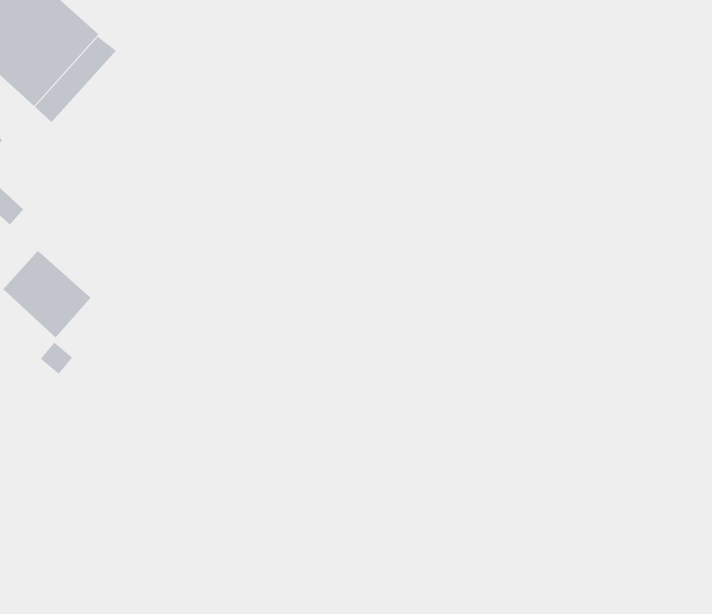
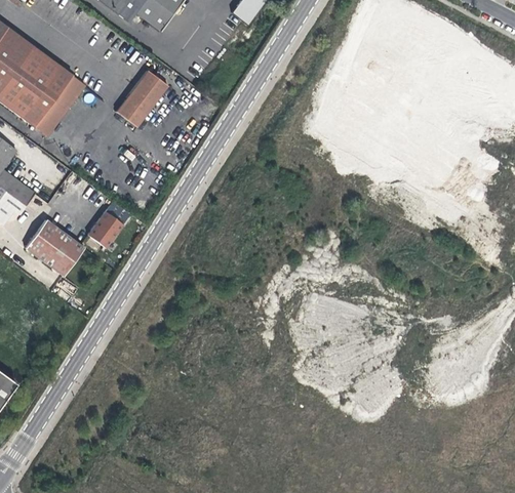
building: none -> [115,71,167,127]
building: none -> [87,211,122,248]

